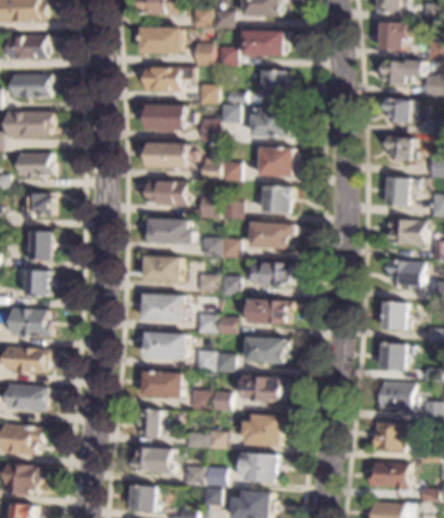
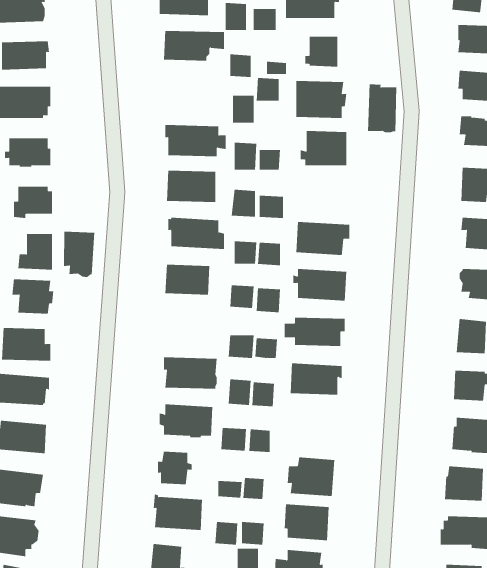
building: [145,103,193,130] -> none
building: none -> [368,84,397,133]
building: [260,186,293,213] -> none
building: none -> [64,231,95,278]
building: [143,293,184,321] -> none
building: [242,375,284,401] -> none

